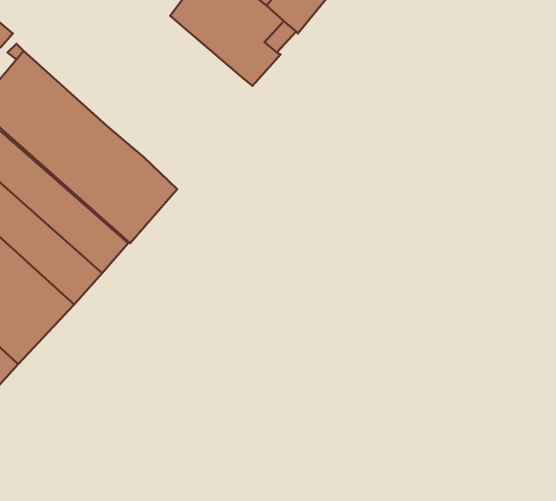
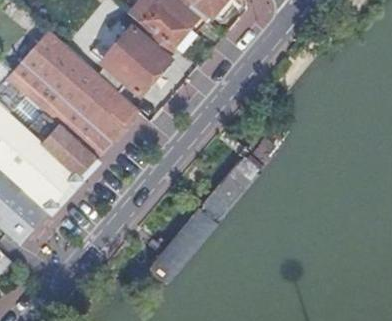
building: none -> [98,11,175,93]

